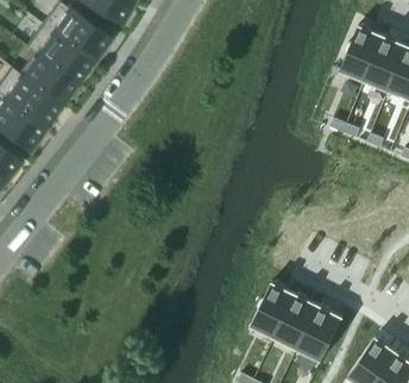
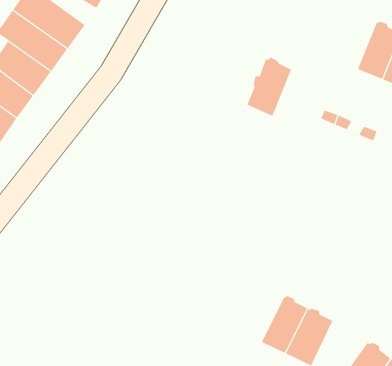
building: [340,24,383,80] -> [246,57,292,116]
building: [251,281,296,337] -> none

